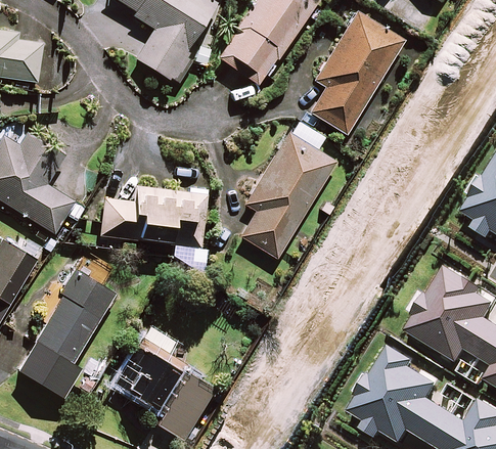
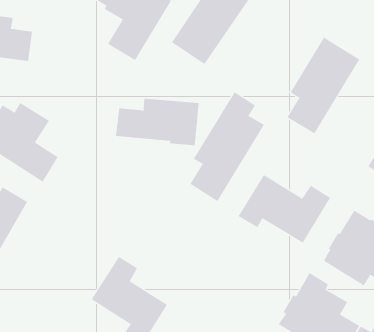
building: [310,11,403,134] -> [286,37,360,134]
building: [100,187,207,248] -> [115,98,199,146]
building: none -> [238,174,331,243]
building: [18,256,114,396] -> none

